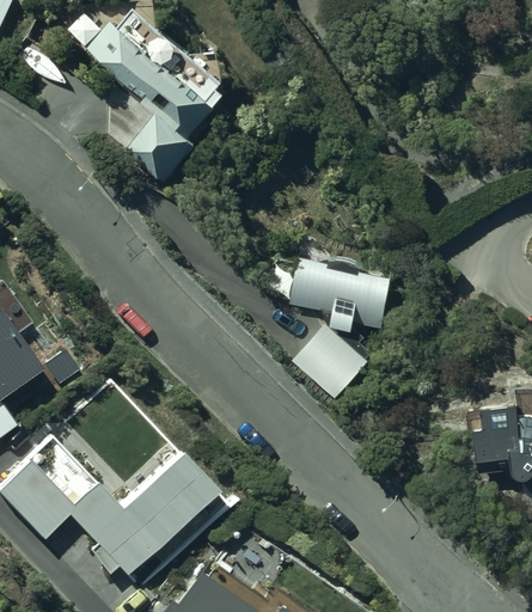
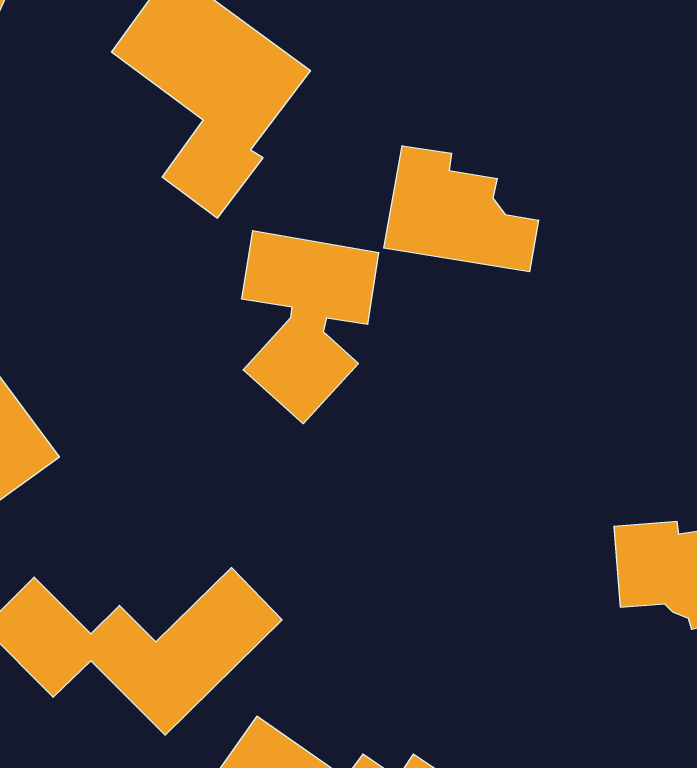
building: none -> [384,146,538,272]
building: [288,261,392,406] -> [241,231,379,424]

